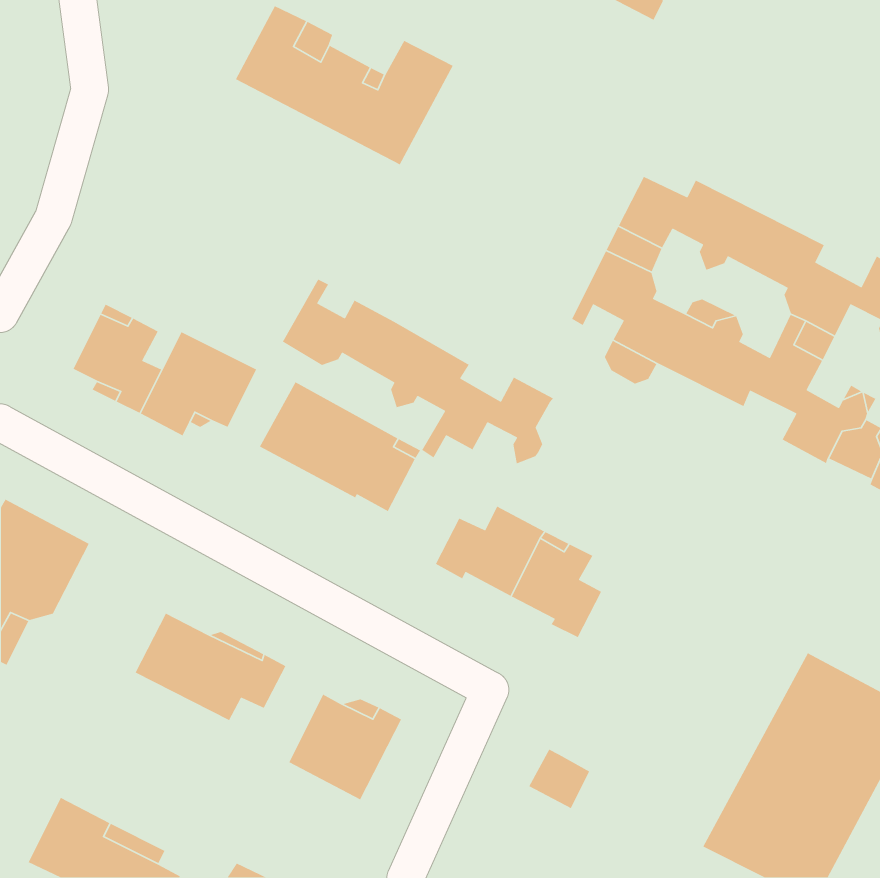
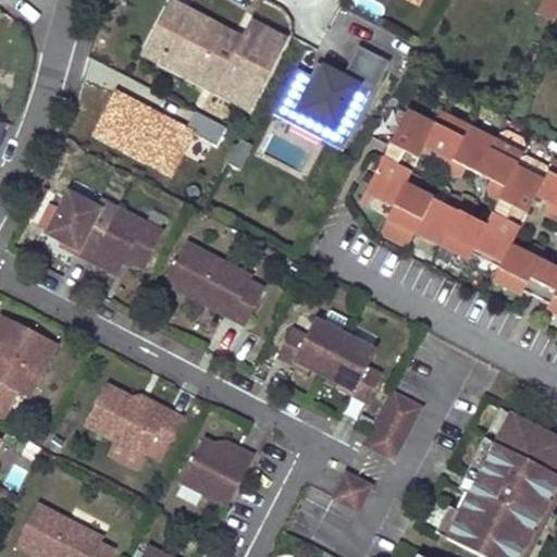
building: none -> [281,46,389,150]
building: none -> [89,89,227,180]
building: [282,279,554,465] -> none
building: none -> [363,389,414,455]

